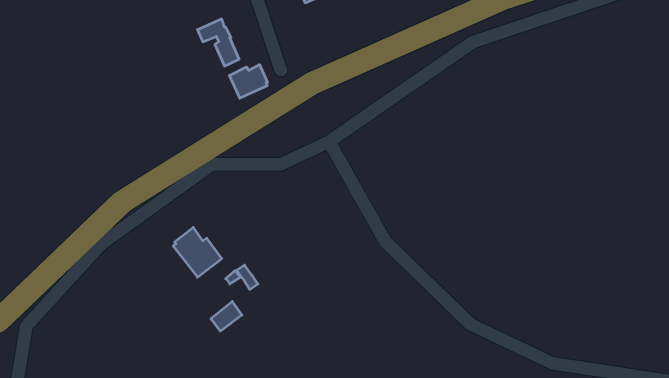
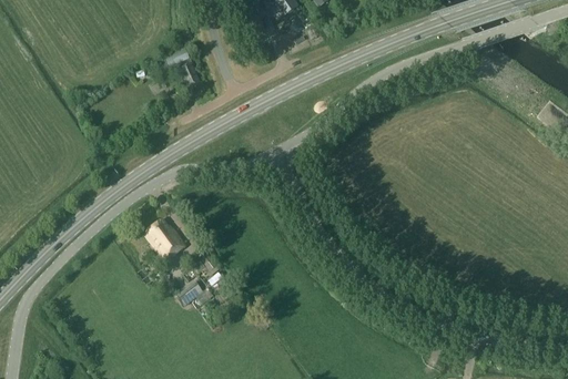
building: [229,65,268,98] -> none

